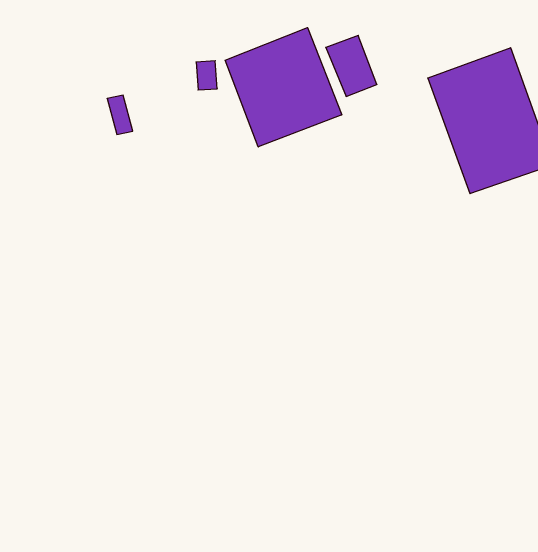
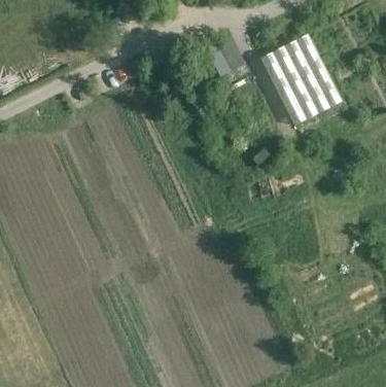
building: [225,28,342,147] -> none

